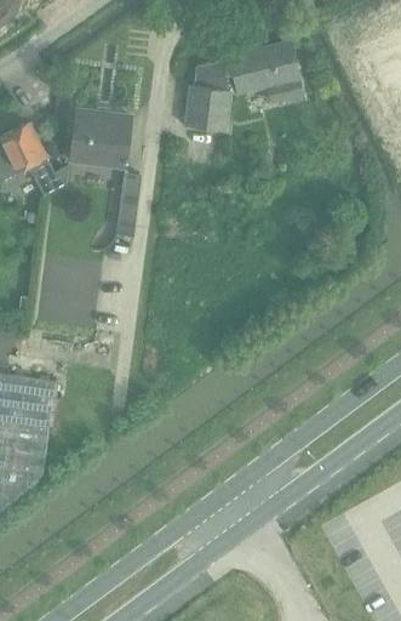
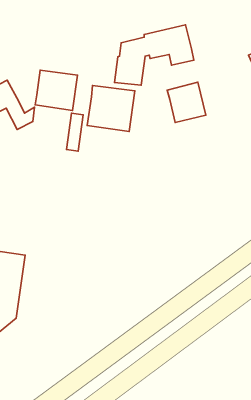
building: none -> [167,82,206,123]
building: none -> [87,86,135,131]

